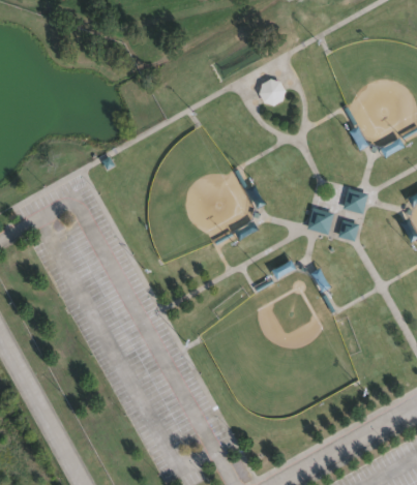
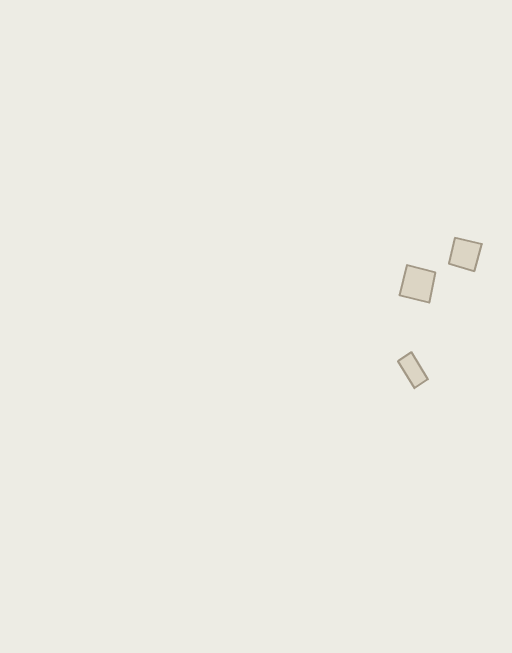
building: [259,78,285,104] -> none

